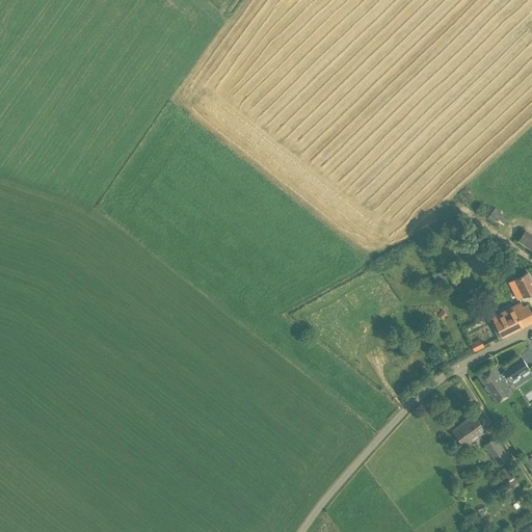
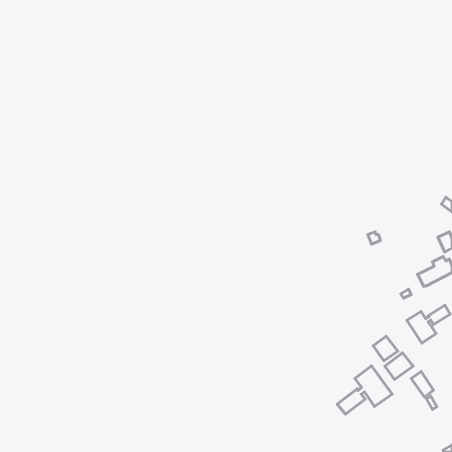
building: none -> [373,336,398,361]
building: none -> [337,366,392,414]

